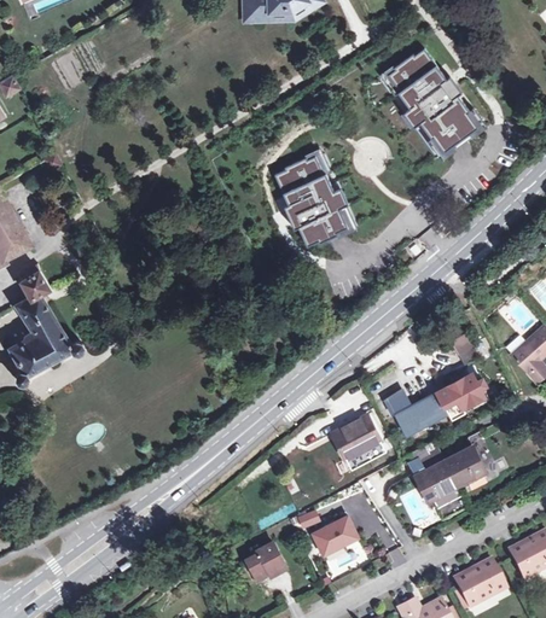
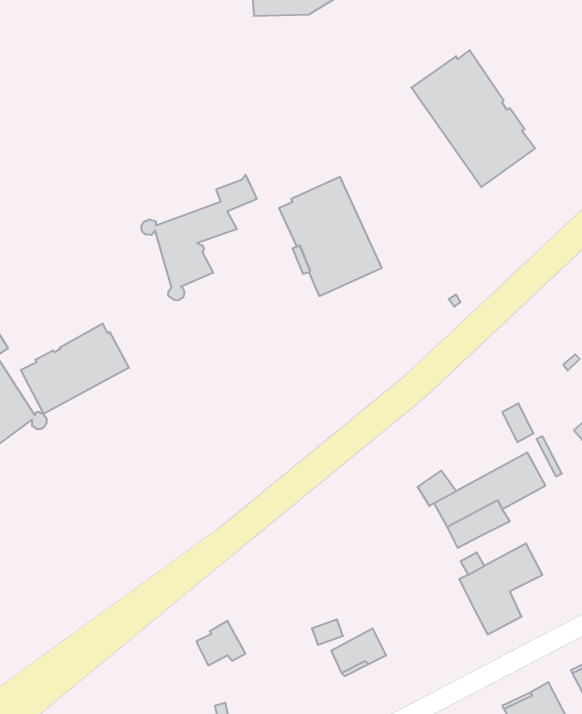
building: none -> [141,175,257,300]
building: none -> [21,323,129,414]
building: [330,413,382,459] -> none
building: [246,542,286,578] -> [196,621,245,665]

